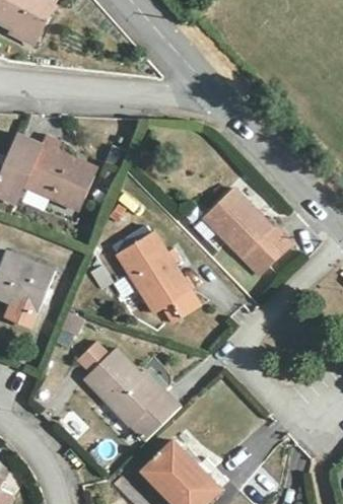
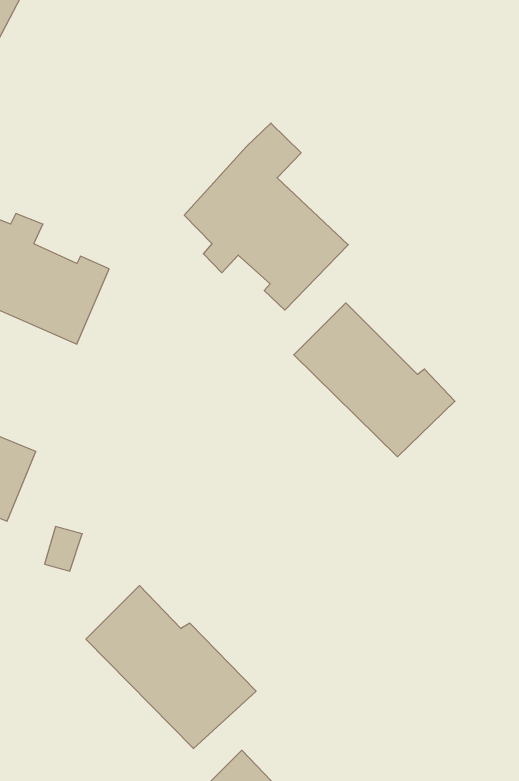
building: none -> [184,123,348,310]
building: [116,231,190,312] -> none

